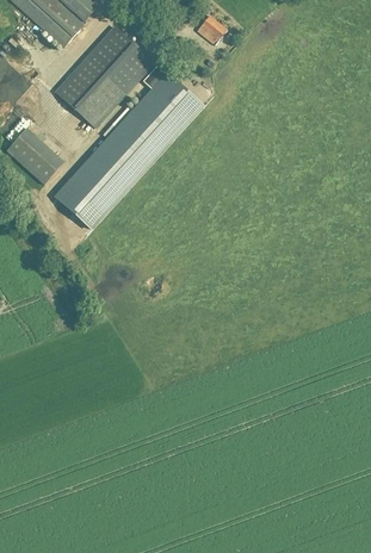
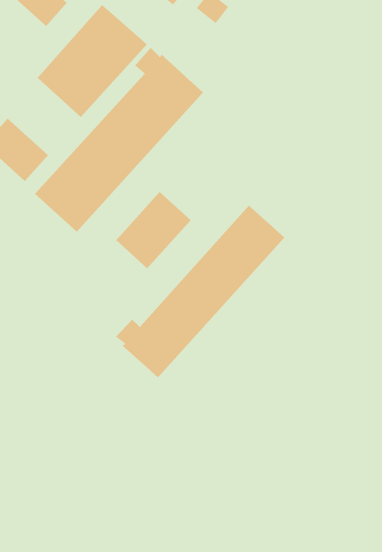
building: none -> [115,191,191,269]
building: none -> [115,205,285,378]

